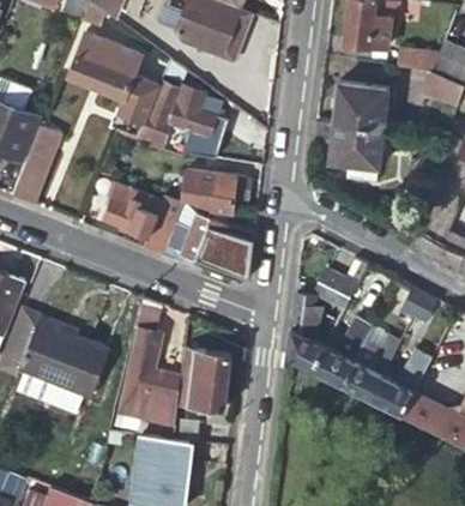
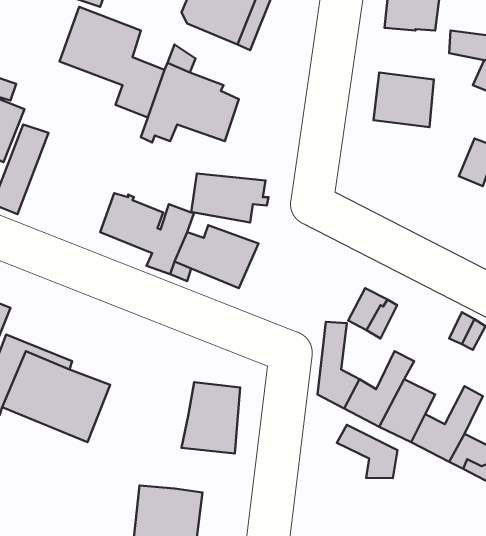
building: [332,124,385,181] -> none
building: [120,300,179,427] -> none
building: none -> [337,425,398,478]

